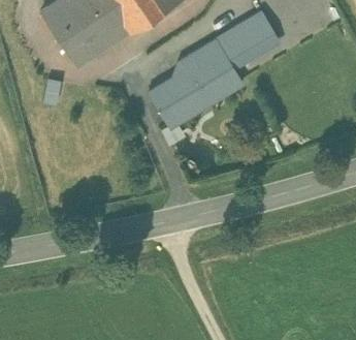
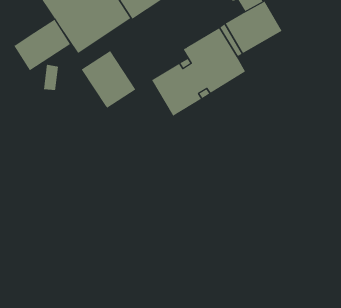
building: none -> [13,19,71,71]
building: none -> [81,50,136,109]

